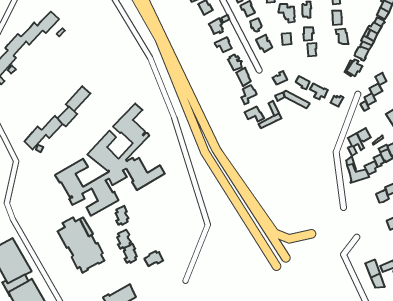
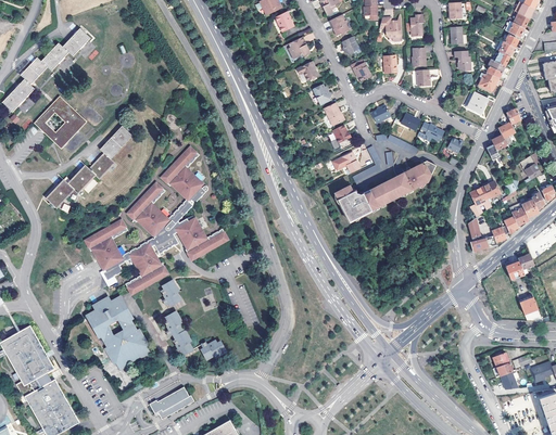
building: none -> [34,95,86,148]
building: none -> [336,158,435,220]

